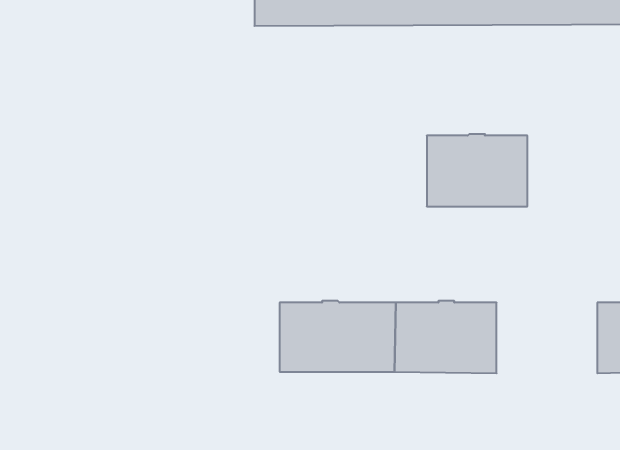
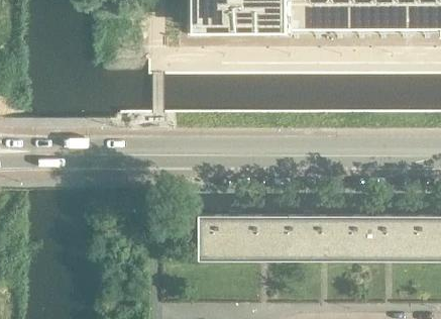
building: [427,134,527,206] -> [348,215,413,261]

